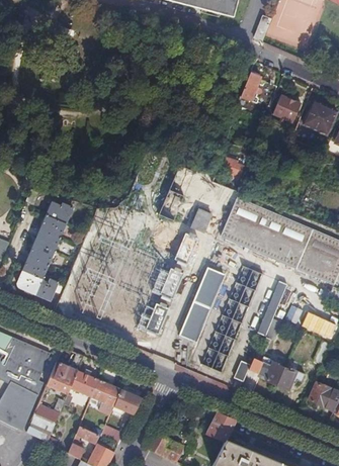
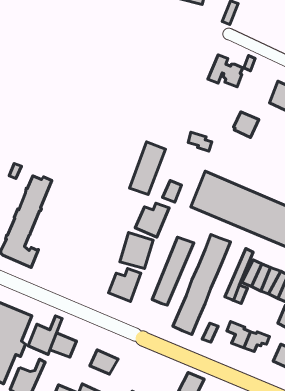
building: [273,96,301,123] -> [233,112,259,138]
building: [91,379,120,405] -> none

